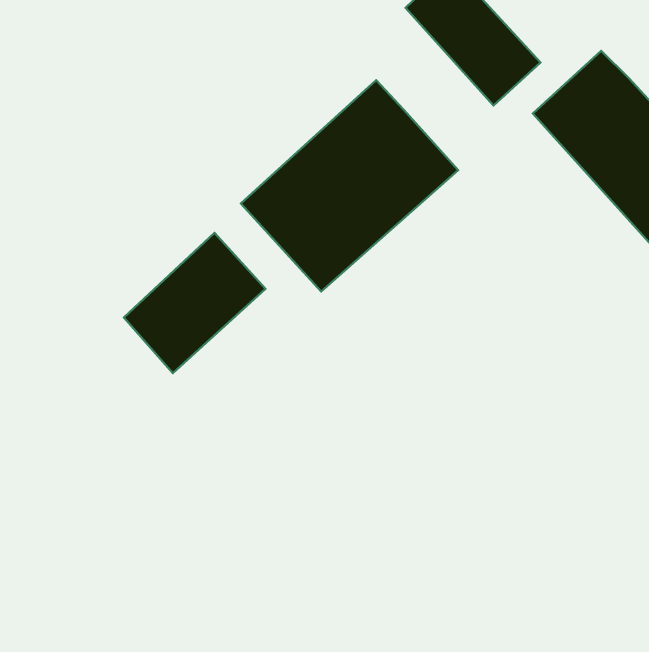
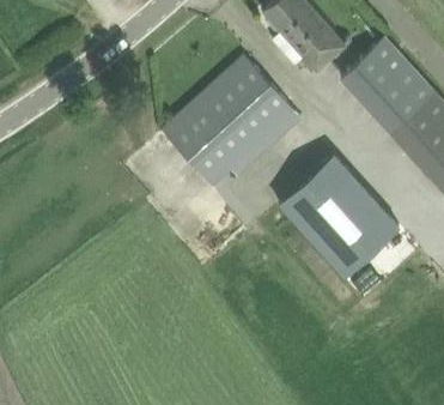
building: [124,233,266,373] -> none
building: none -> [275,162,397,284]

